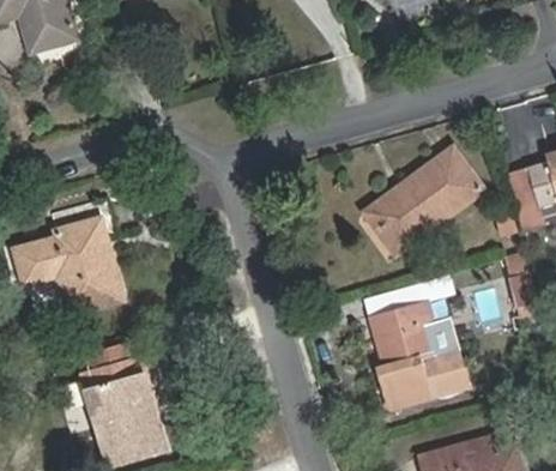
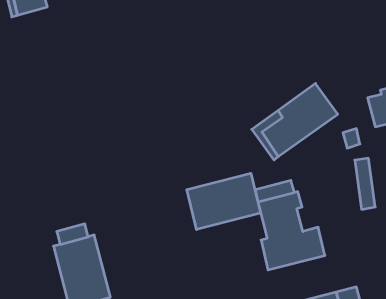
building: [16,219,122,313] -> none
building: none -> [187,173,261,230]

